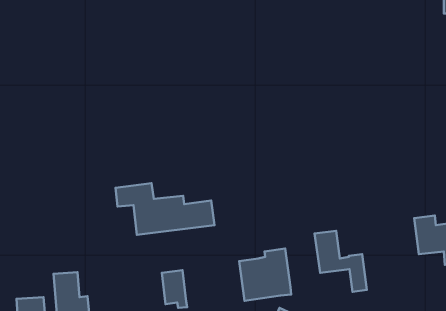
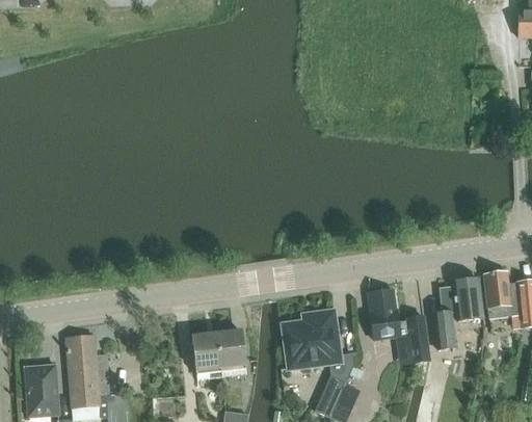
building: [116,183,215,235] -> none
building: none -> [434,278,482,348]
building: none -> [216,331,245,370]

